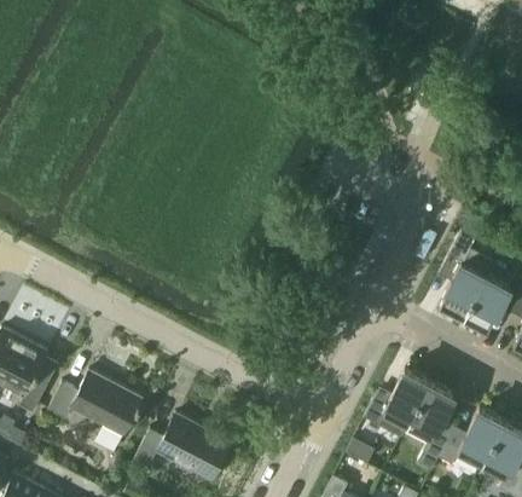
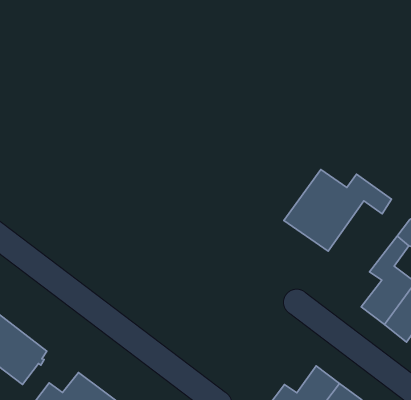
building: none -> [284,170,391,251]

